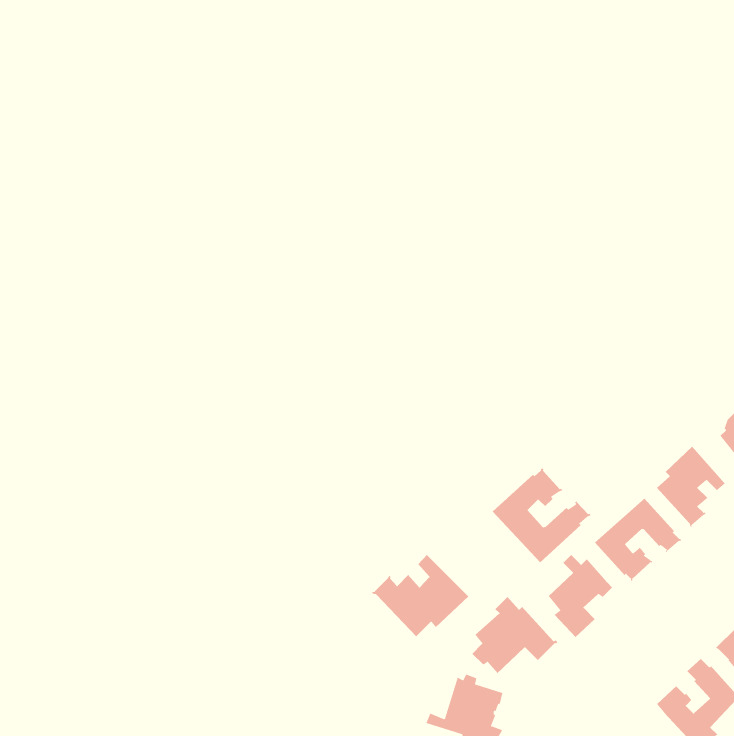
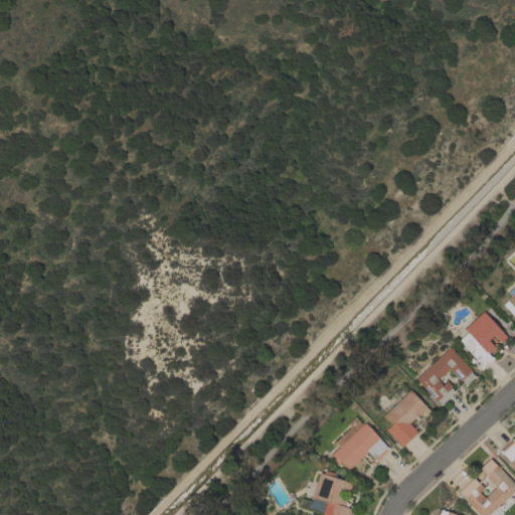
building: [492,467,591,563] -> none
building: [371,554,469,637] -> none

